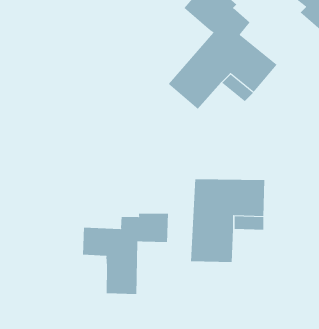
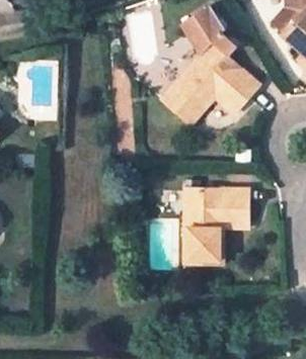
building: [83,213,169,295] -> none

